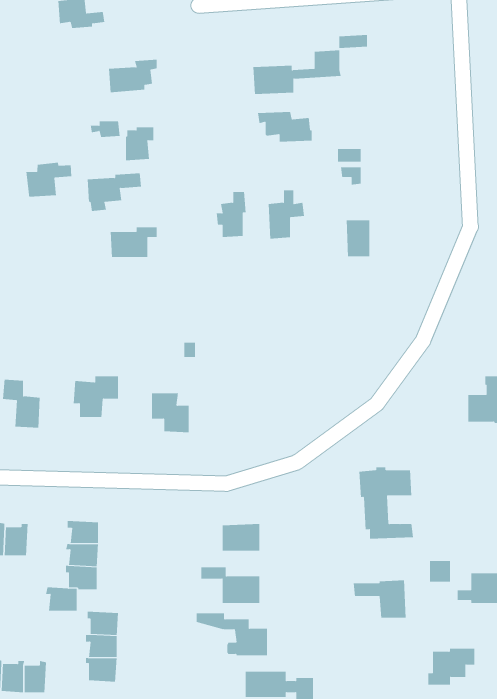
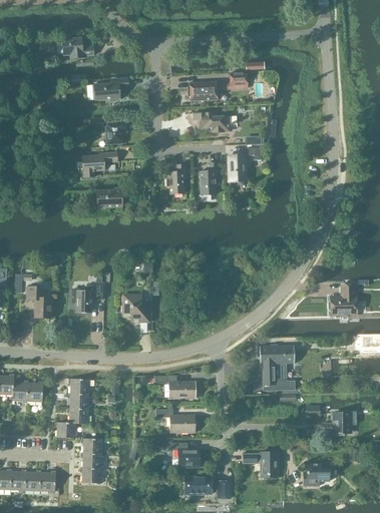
building: [26,162,72,198] -> none
building: [346,220,370,257] -> [229,155,245,179]
building: [353,580,407,618] -> [243,452,278,477]

